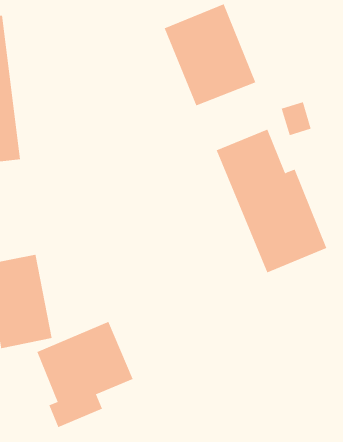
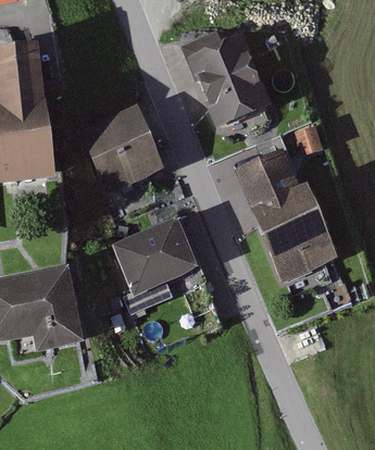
building: none -> [77,107,163,196]
building: [37,321,134,428] -> [110,215,199,313]

